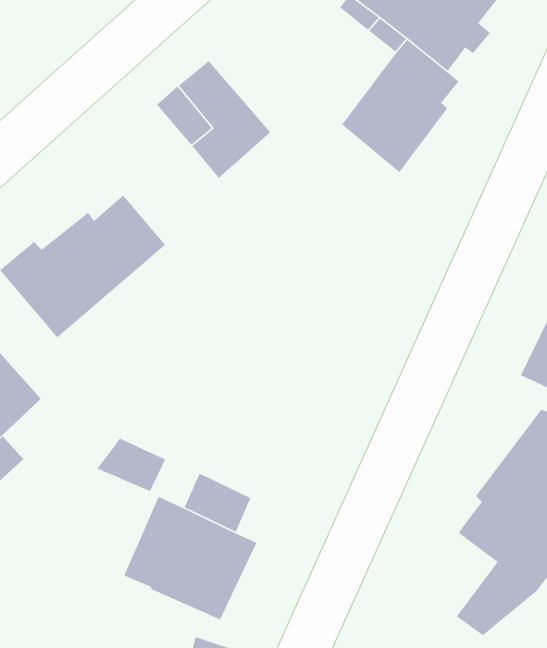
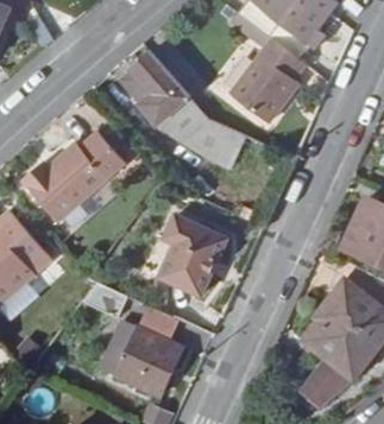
building: none -> [158,96,247,169]
building: none -> [149,215,224,292]

